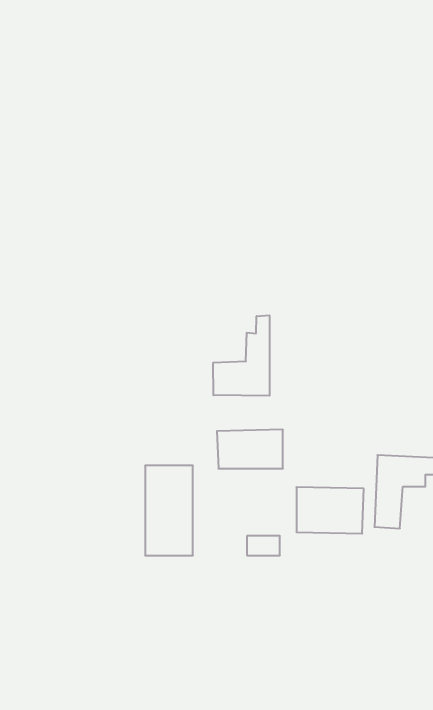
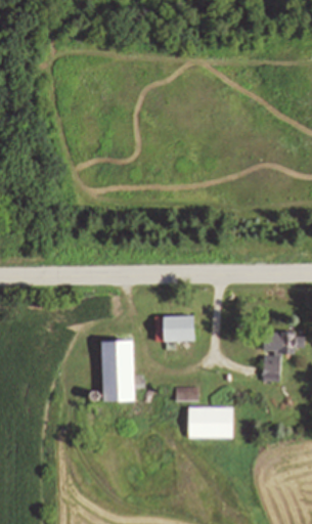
building: [213,315,269,396] -> none
building: [296,487,364,534] -> [187,406,233,438]

